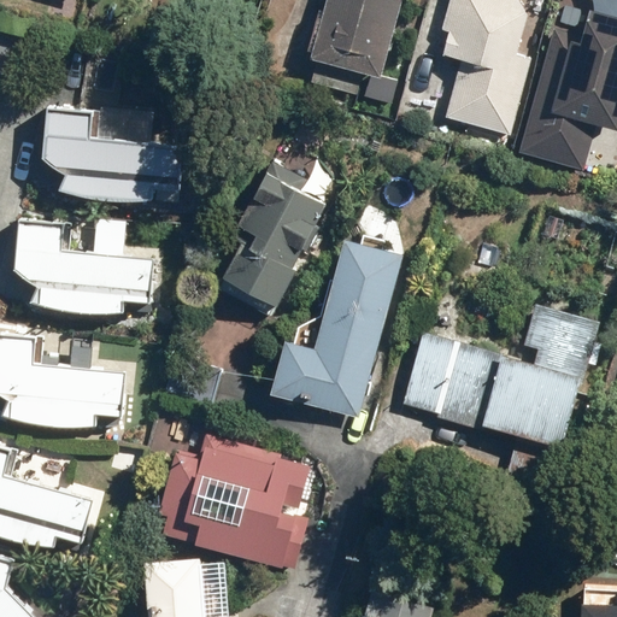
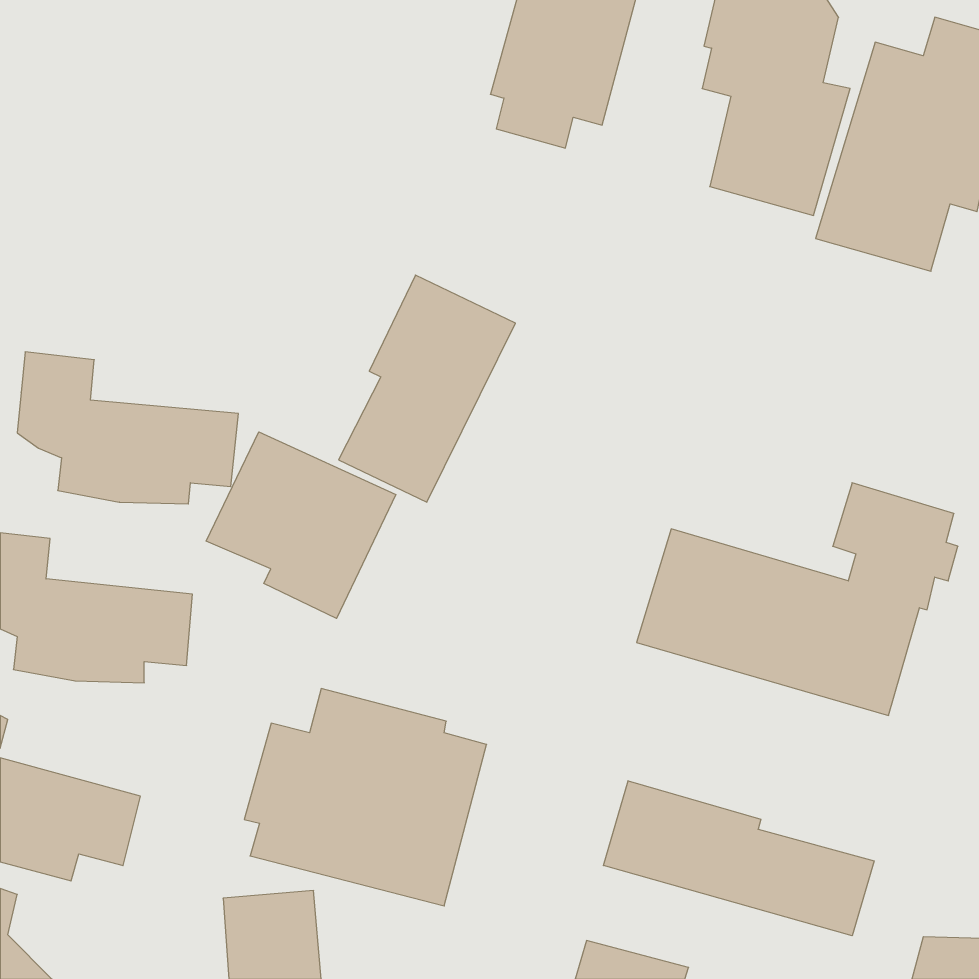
building: [41,110,180,205] -> none
building: [269,240,402,419] -> none
building: none -> [206,432,396,618]
building: none -> [603,781,874,936]

